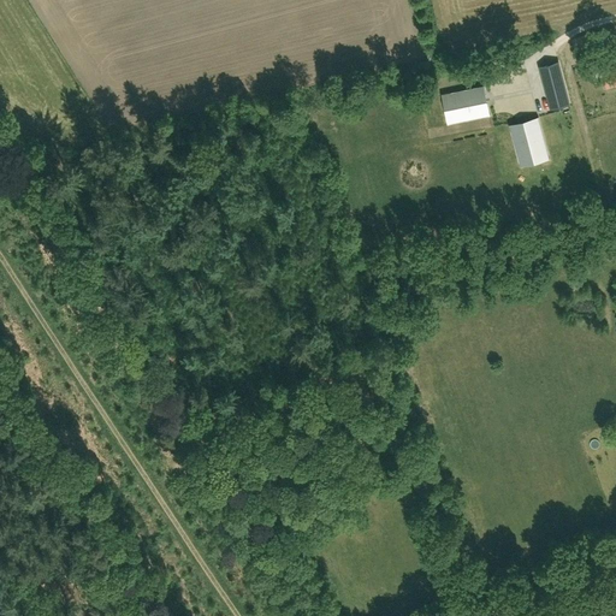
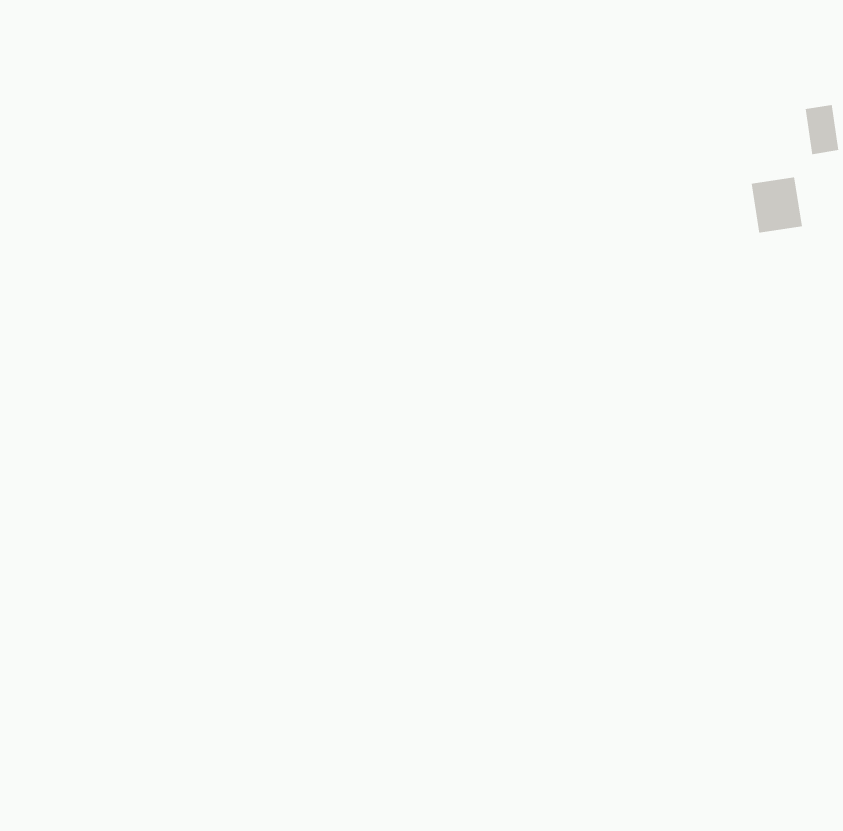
building: [446,87,485,122] -> none

